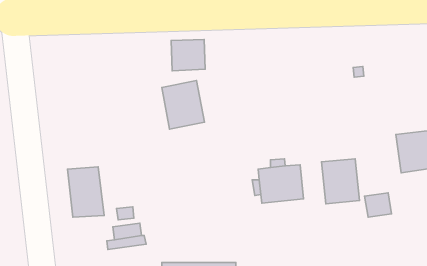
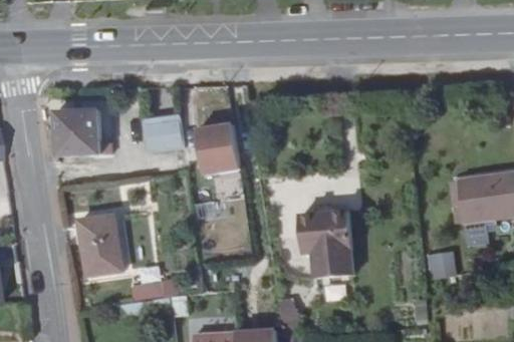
building: [171,40,205,71] -> [140,115,179,151]
building: none -> [53,112,106,166]
building: [322,159,360,204] -> none

